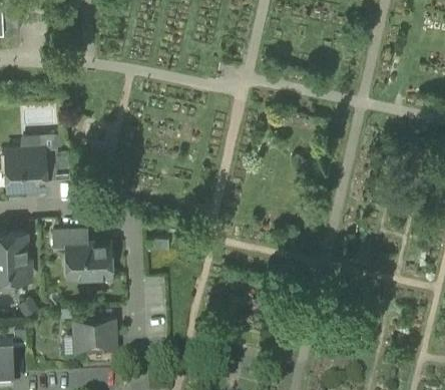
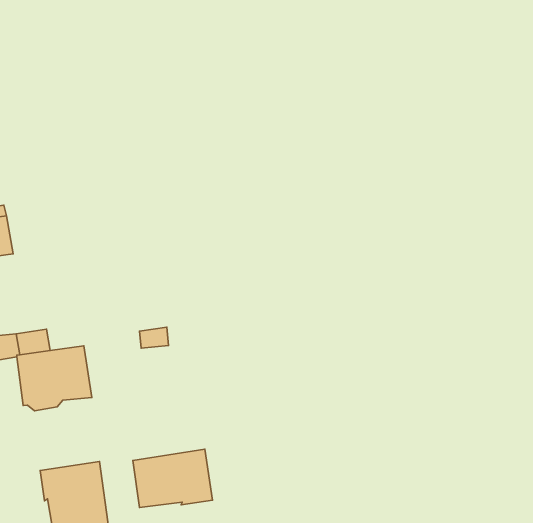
building: none -> [133,449,212,507]

